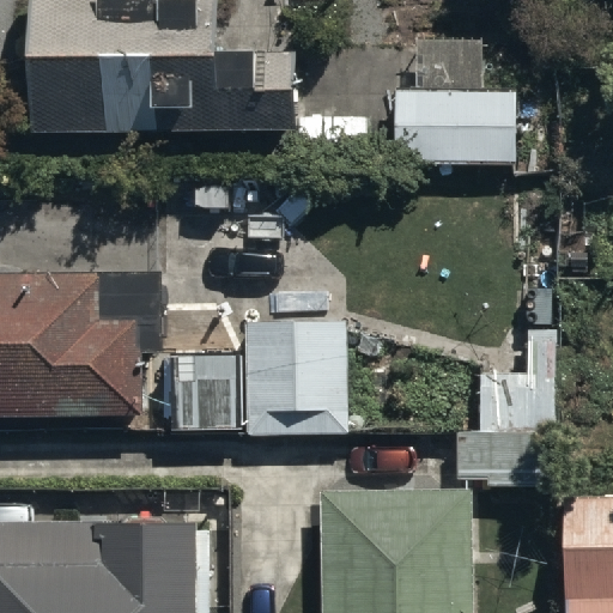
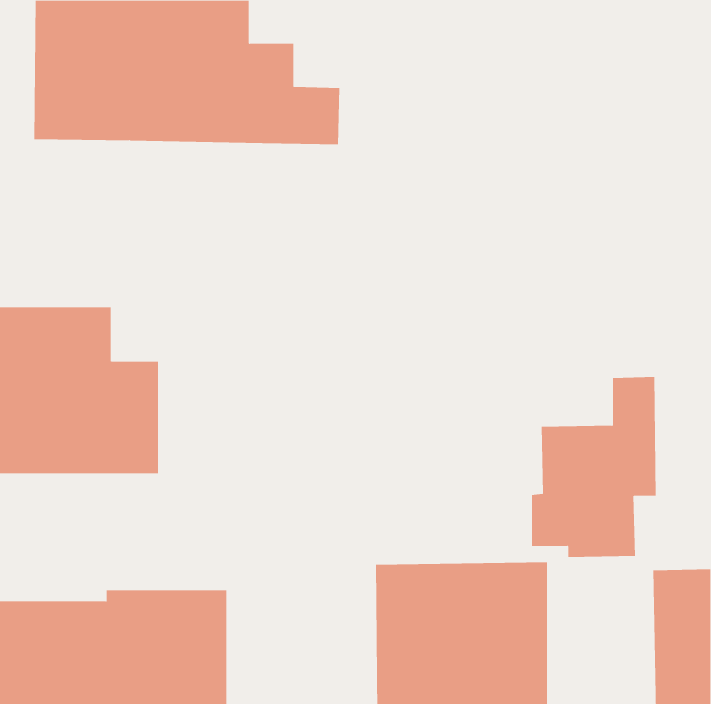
building: [395,40,516,165] -> none
building: [171,322,347,436] -> none

